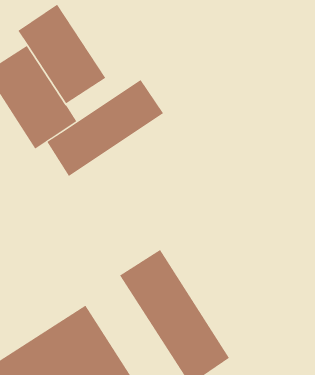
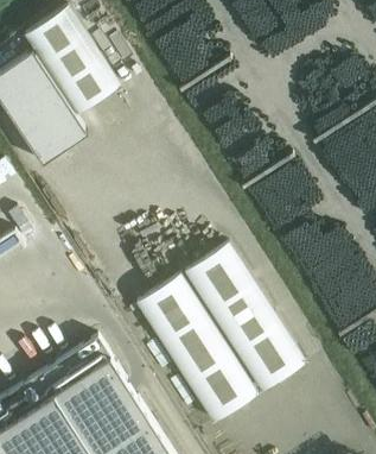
building: [46,79,164,177] -> none
building: none -> [185,242,307,392]

